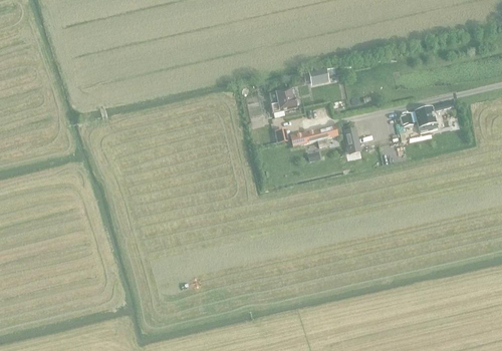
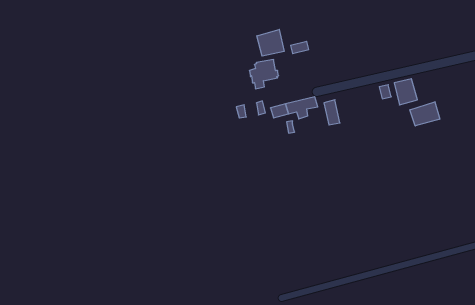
building: none -> [257,29,284,56]
building: none -> [410,102,440,126]

